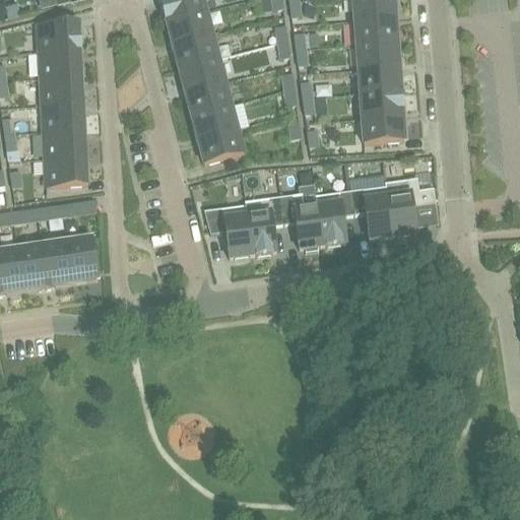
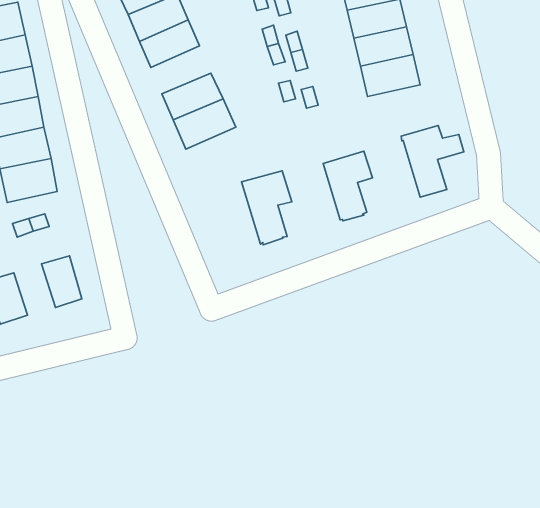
building: [183,79,233,115] -> none
building: [351,185,393,238] -> none
building: [280,192,323,250] -> none
building: [204,199,253,258] -> none
building: [42,243,72,284] -> none

